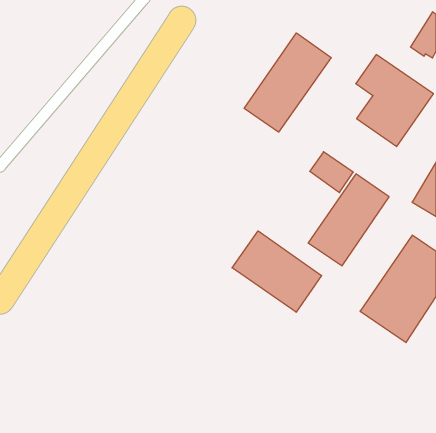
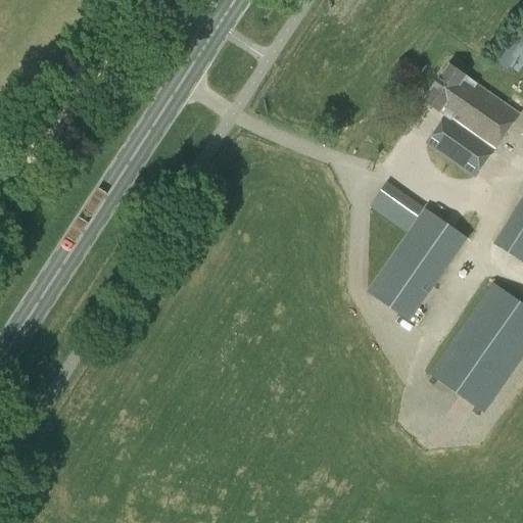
building: [244,33,331,132] -> none
building: [232,231,322,312] -> none

